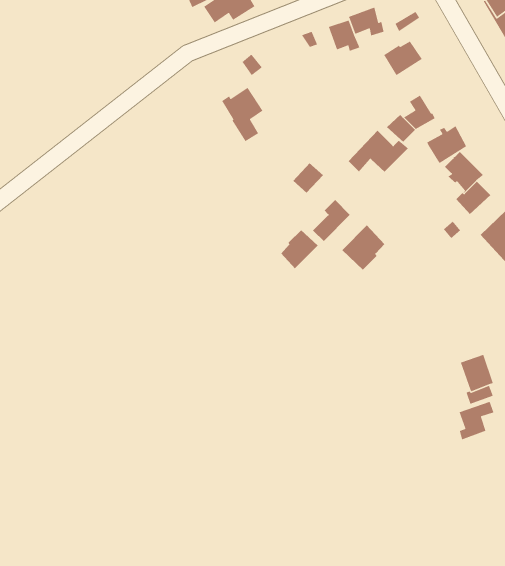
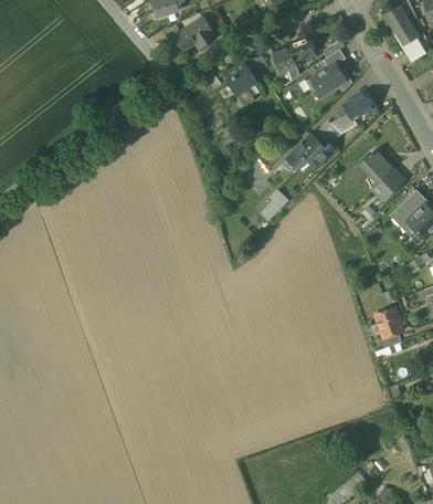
building: [221,87,264,142] -> [223,63,256,106]
building: [426,125,467,164] -> [342,91,374,120]
building: [341,225,385,271] -> none
building: [281,229,318,269] -> none
building: [458,401,495,441] -> none

